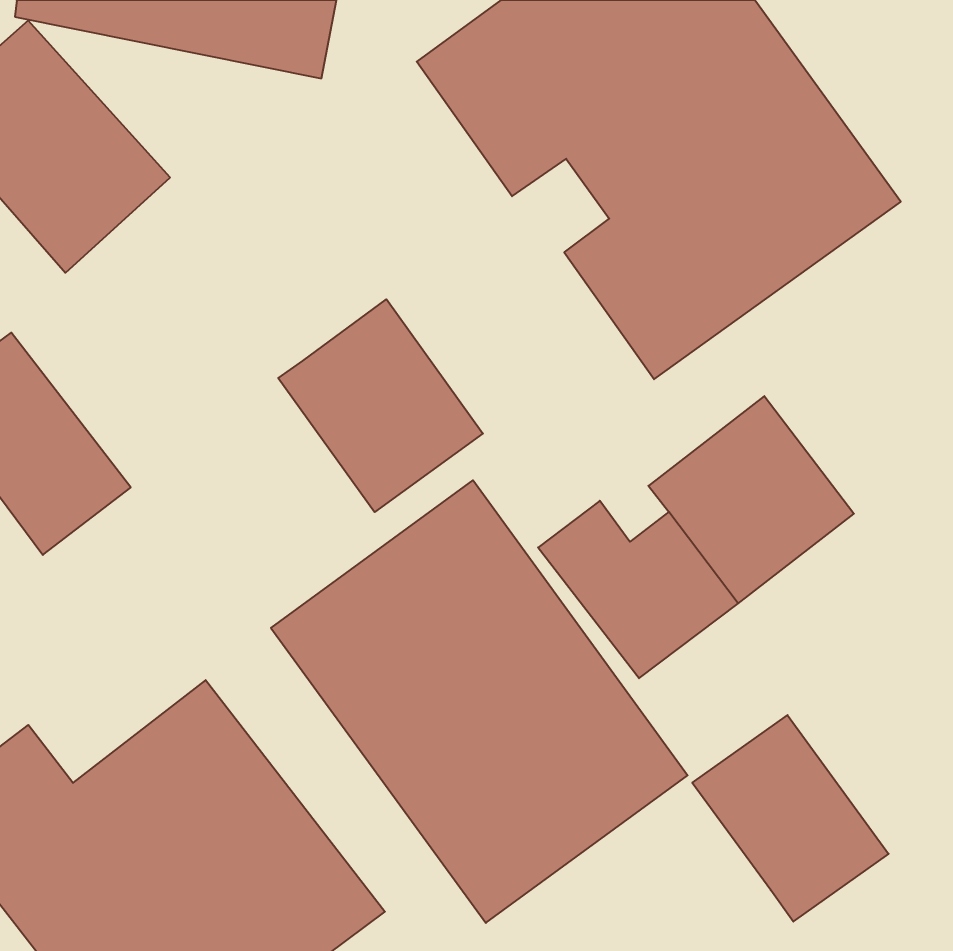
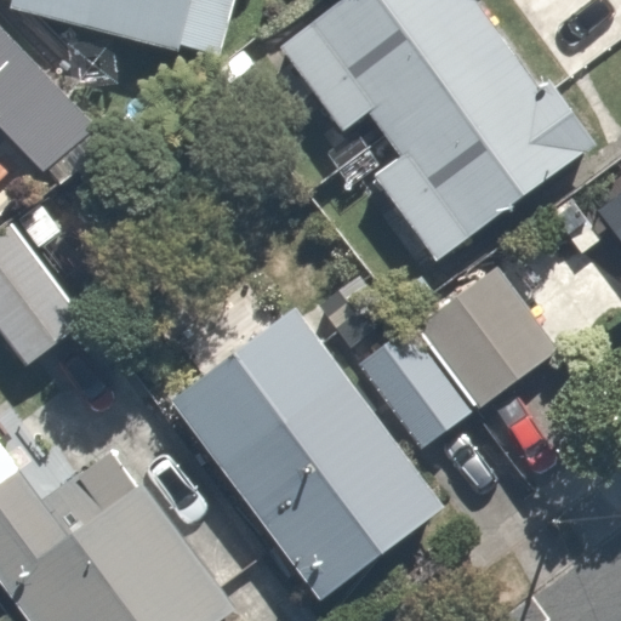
building: [278,299,483,512] -> none
building: [692,715,889,922] -> none

